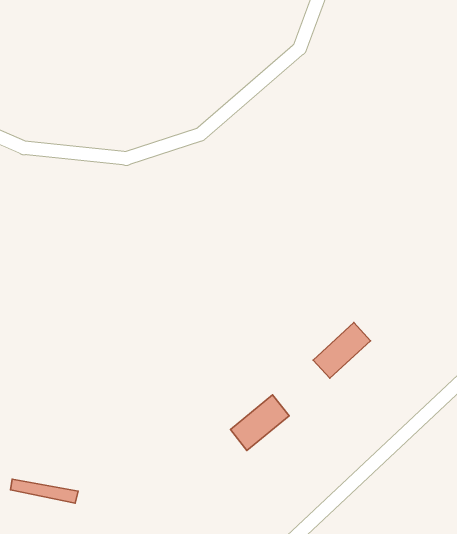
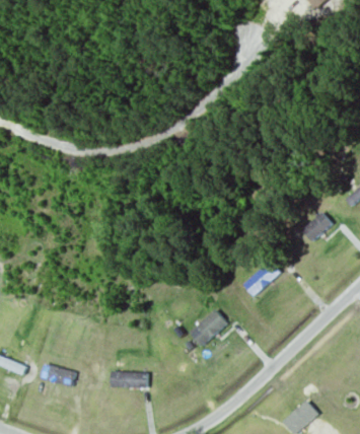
building: none -> [301,211,333,240]
building: none -> [110,371,149,387]

